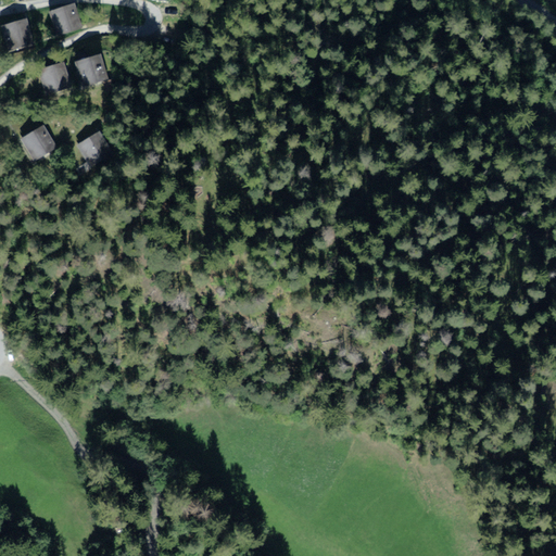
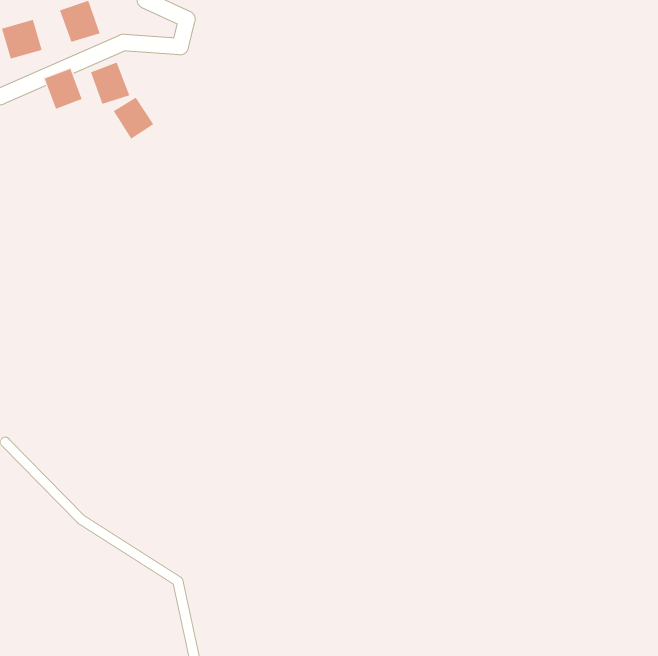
building: [18,119,52,155] -> none
building: [75,130,110,166] -> [113,97,154,139]

